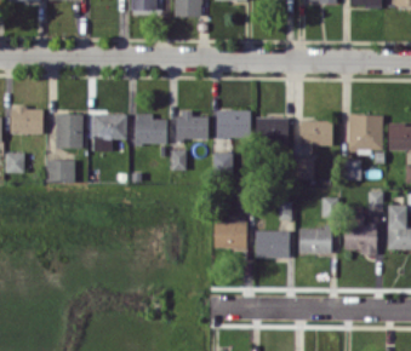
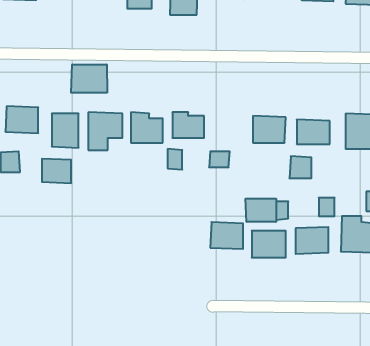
building: none -> [71,64,107,93]
building: [216,110,251,138] -> none
building: none -> [246,199,276,222]

